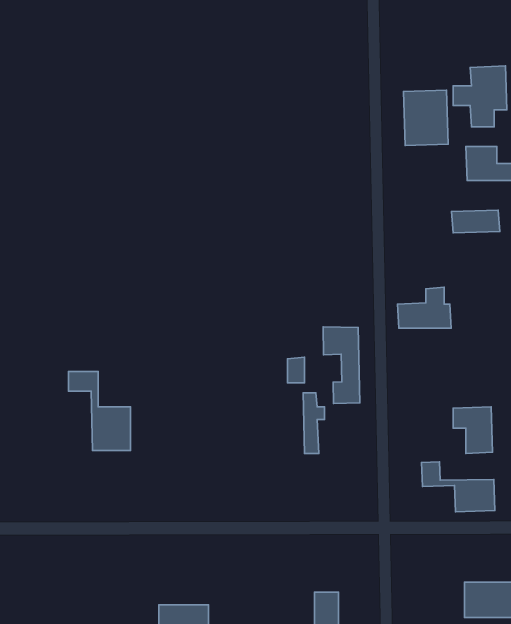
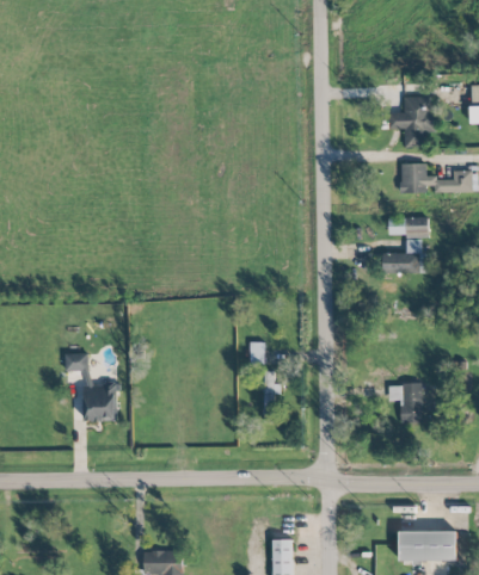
building: [403,90,448,146] -> none
building: [398,287,451,328] -> [382,239,428,273]
building: [323,327,360,404] -> none
building: [422,462,495,512] -> none

